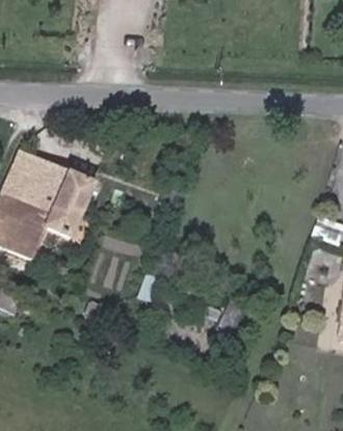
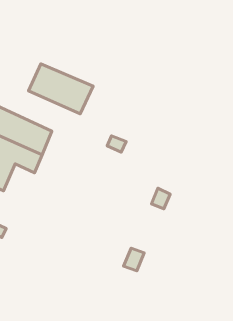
building: none -> [28,64,93,114]

